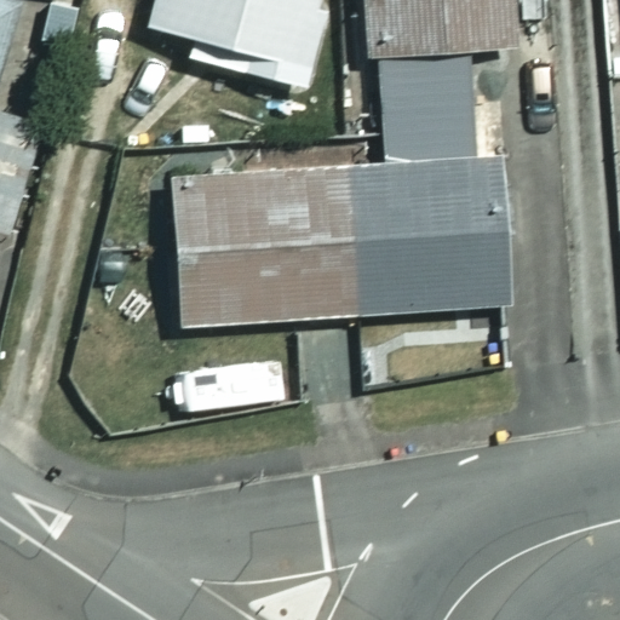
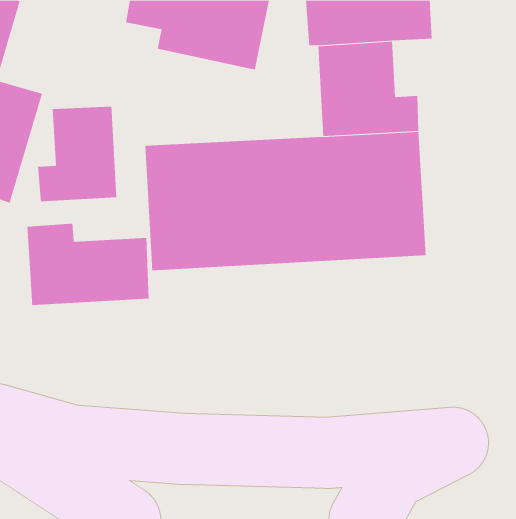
building: none -> [38,106,117,202]
building: none -> [27,223,149,306]

